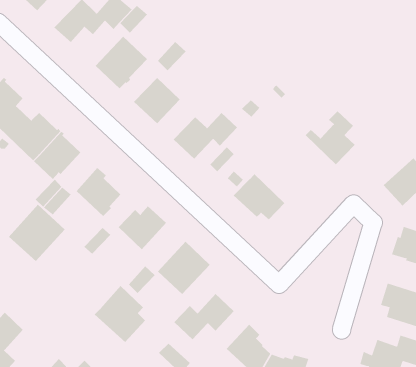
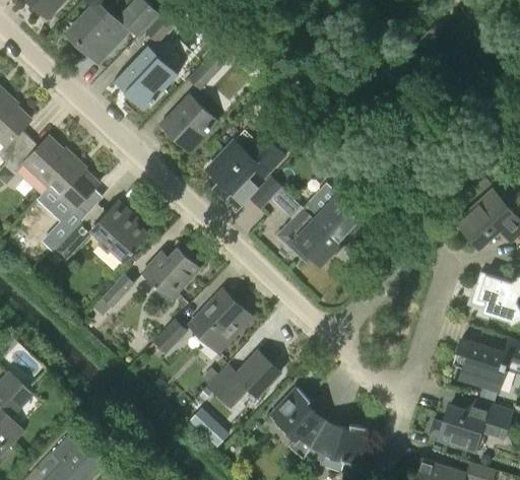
building: [305,110,355,165] -> [304,180,364,245]
building: [8,204,65,262] -> none
building: [94,285,146,343] -> none

